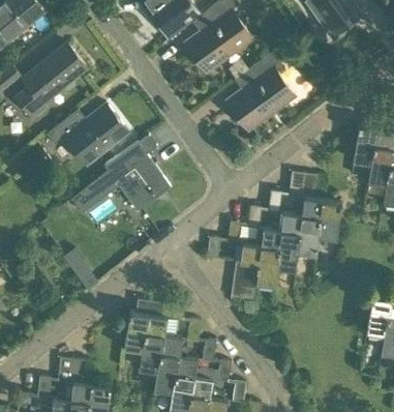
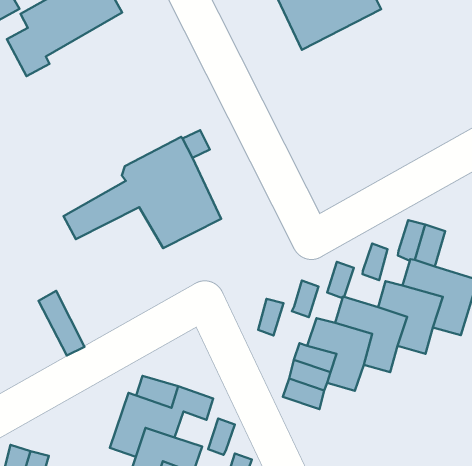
building: [226,52,295,130] -> none
building: [46,104,128,166] -> none

